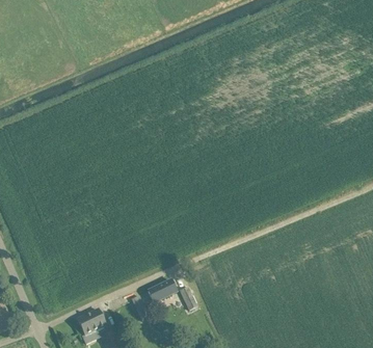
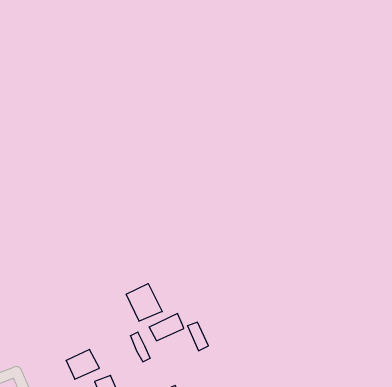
building: none -> [126,284,162,321]

